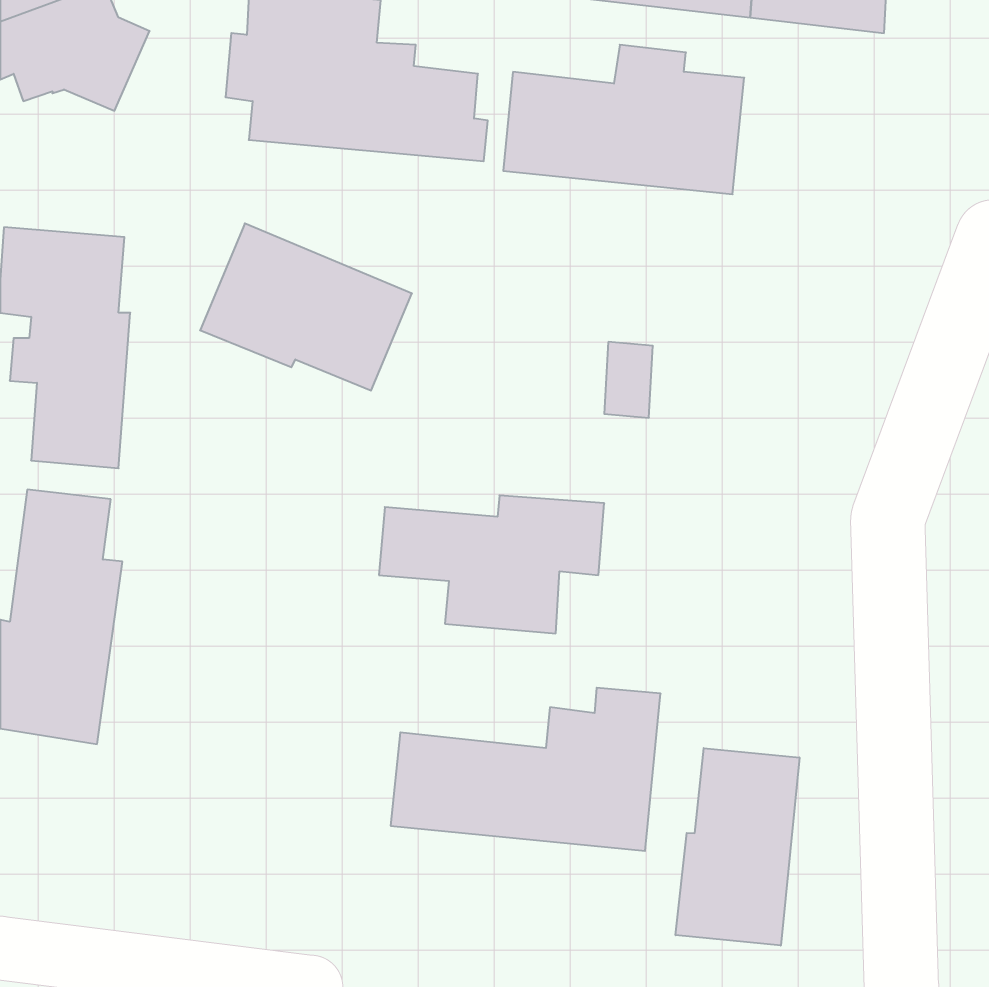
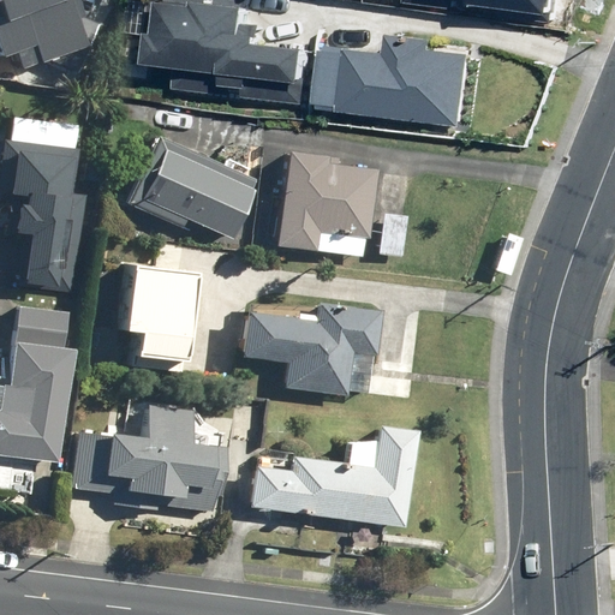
building: none -> [269,151,377,258]
building: none -> [126,261,203,369]
building: none -> [76,404,229,508]
building: [676,748,799,946] -> none

